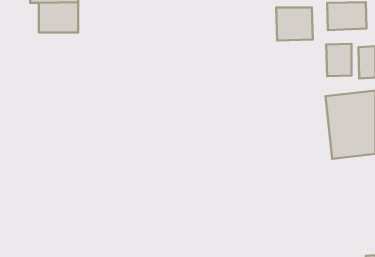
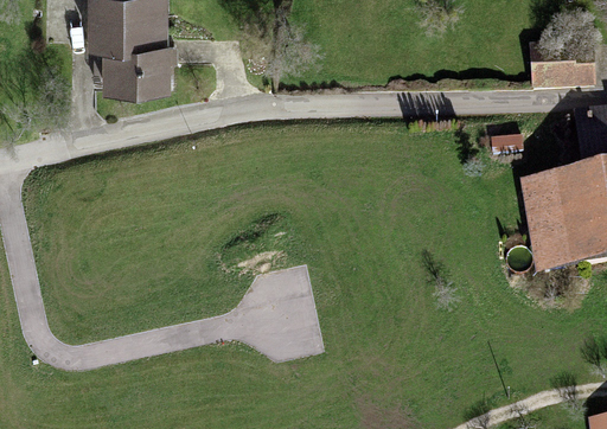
building: [276,7,313,41] -> none
building: [326,44,352,76] -> none

